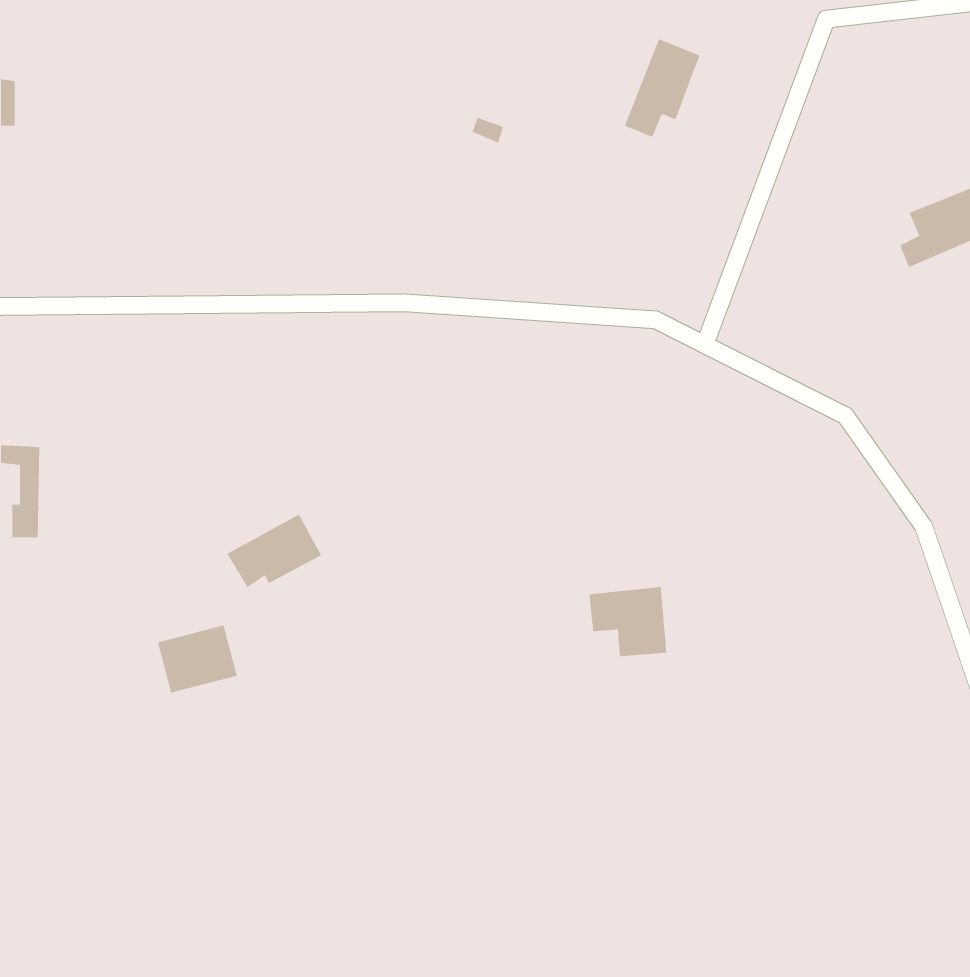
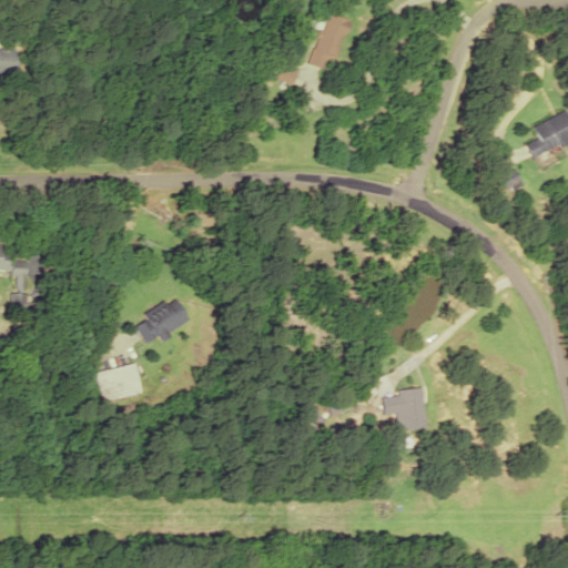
building: [624,38,701,138] -> [308,12,353,70]
building: [589,586,667,657] -> [382,388,427,429]

